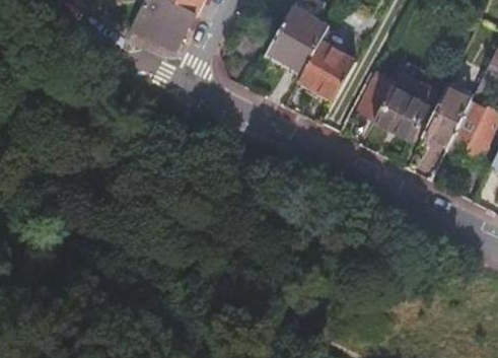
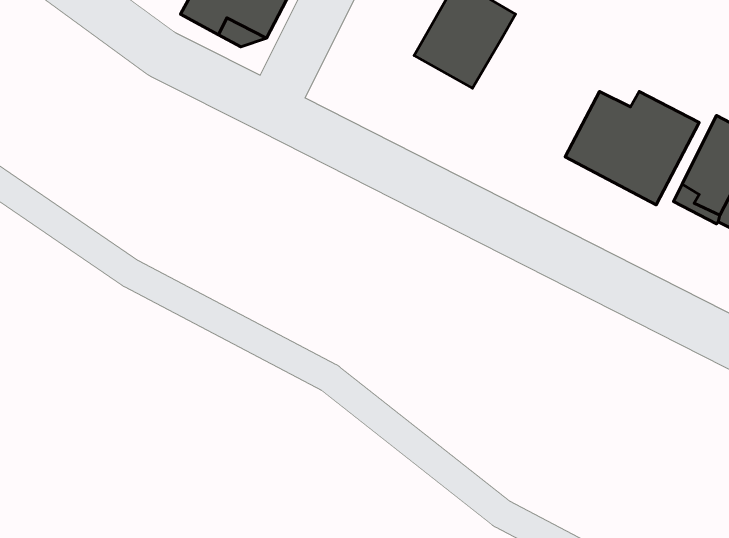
building: [297,42,356,100] -> none

